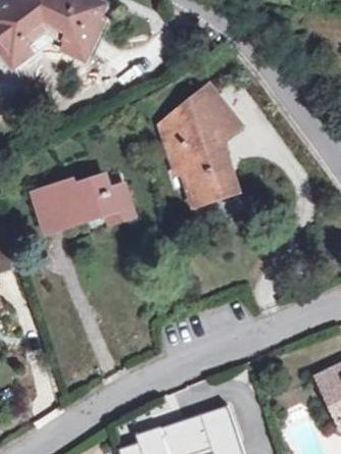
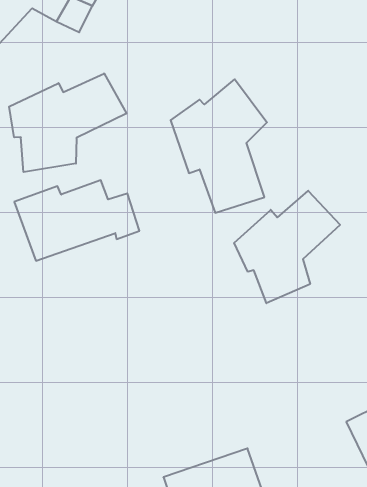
building: none -> [9,73,126,172]
building: none -> [234,191,340,303]

